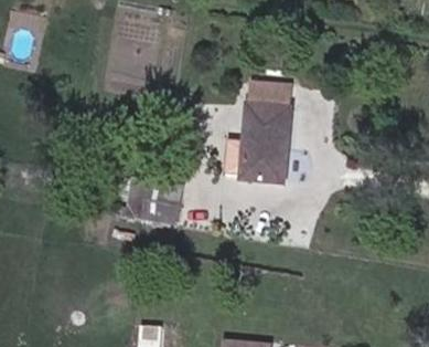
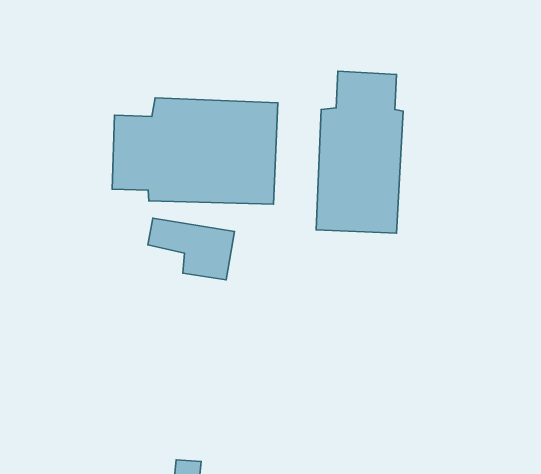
building: none -> [112,98,278,204]

